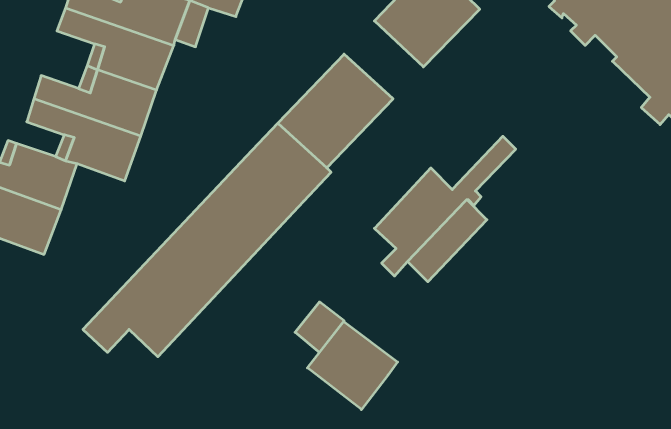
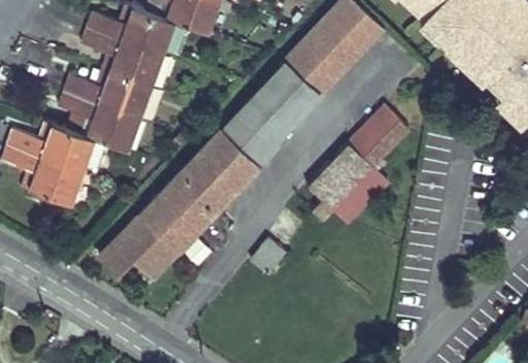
building: none -> [286,37,342,93]
building: none -> [348,105,399,158]
building: [307,321,398,410] -> none

